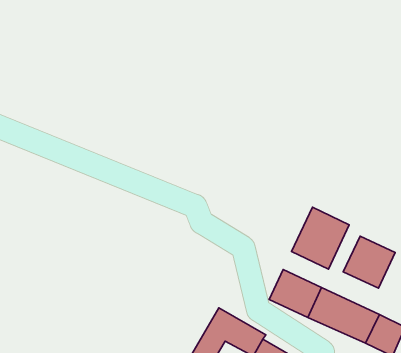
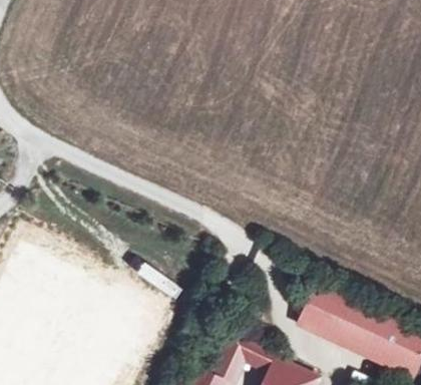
building: [291,207,349,269] -> none
building: [343,236,395,288] -> none

